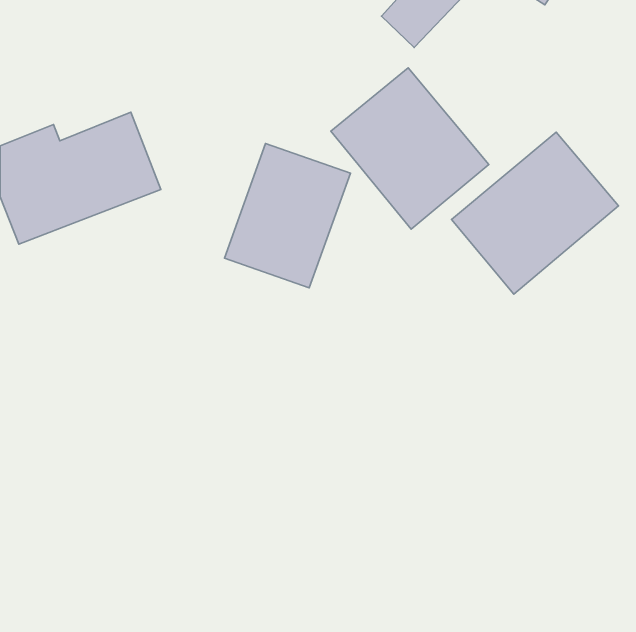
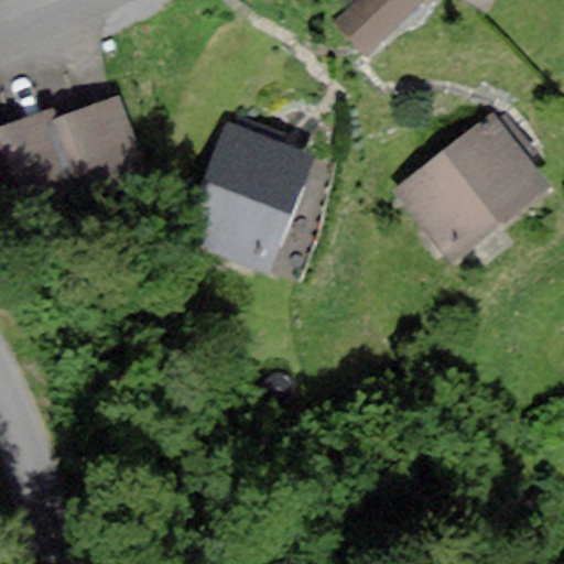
building: [331,68,489,229] -> none

